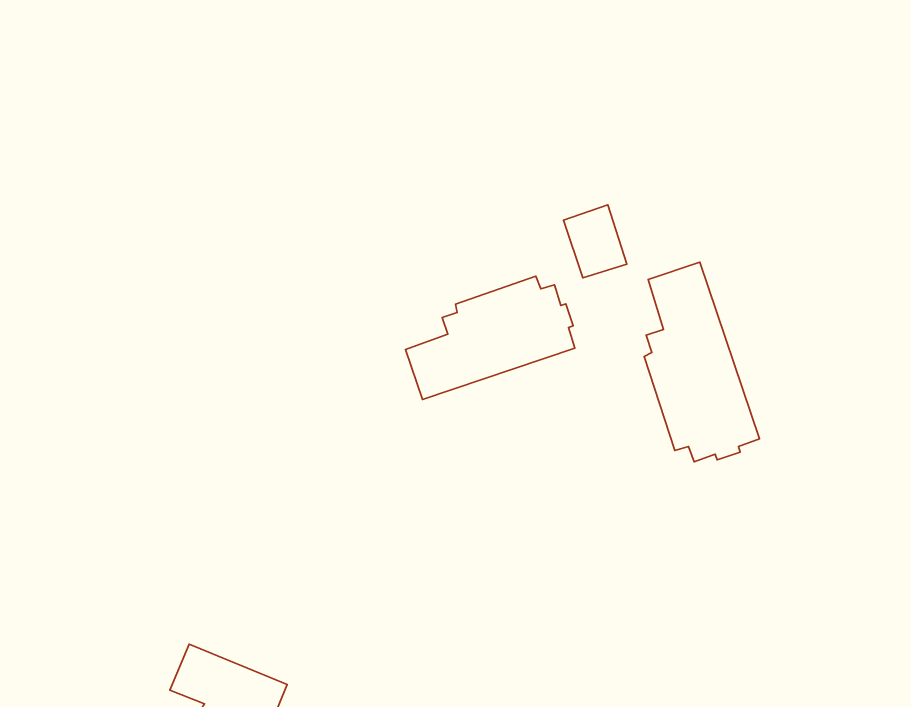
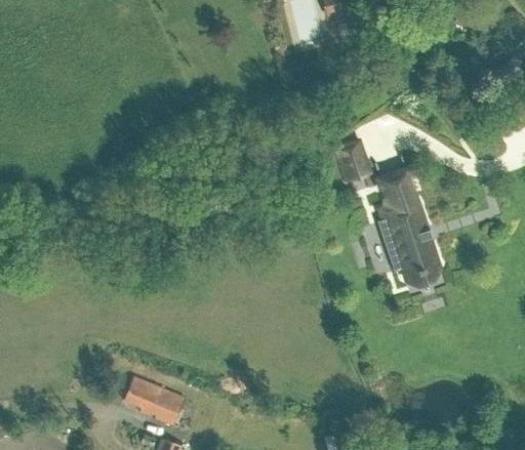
building: [406,276,575,399] -> none

